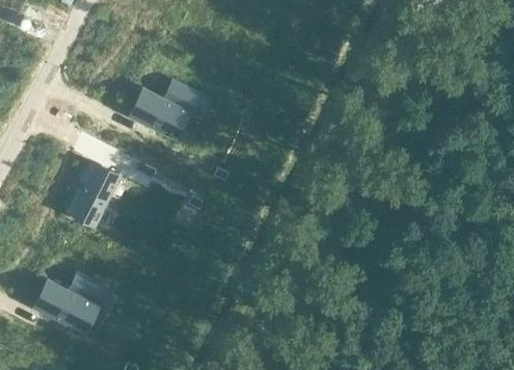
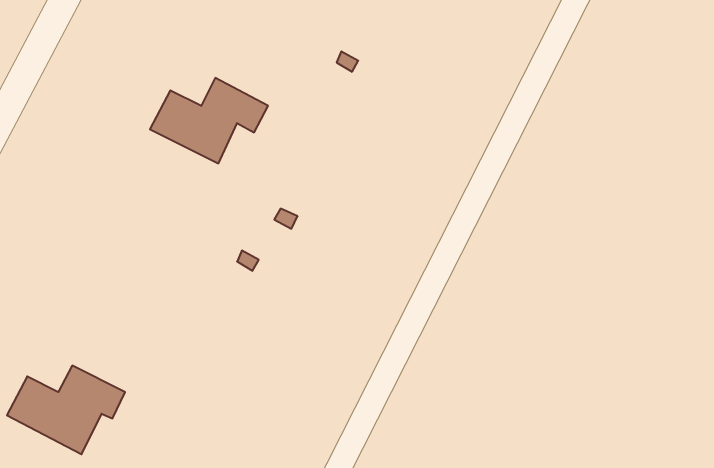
building: [72,162,118,222] -> none

